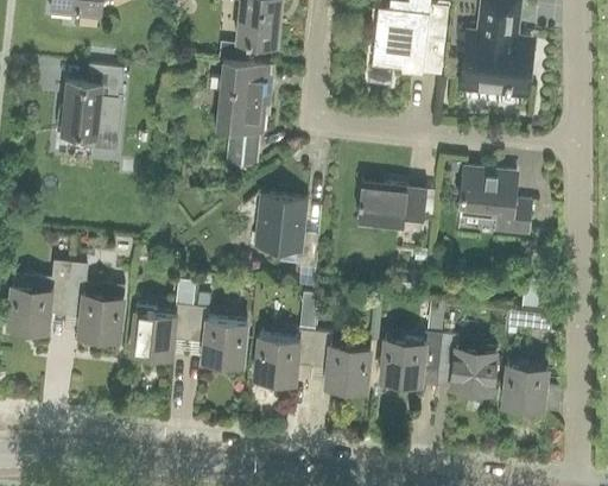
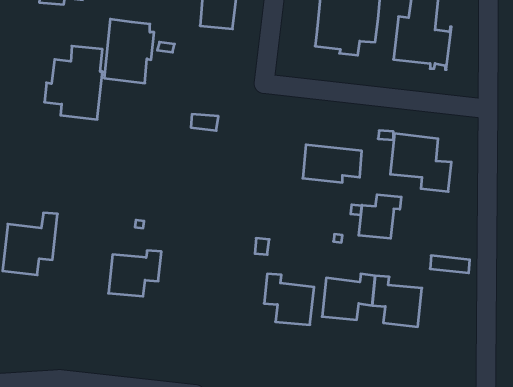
building: [215,61,273,135] -> [104,19,154,83]
building: [255,195,318,284] -> none
building: none -> [359,195,401,238]
building: [65,263,125,341] -> none
building: [189,295,247,367] -> none
building: [254,330,316,385] -> none
building: [502,362,558,412] -> none

